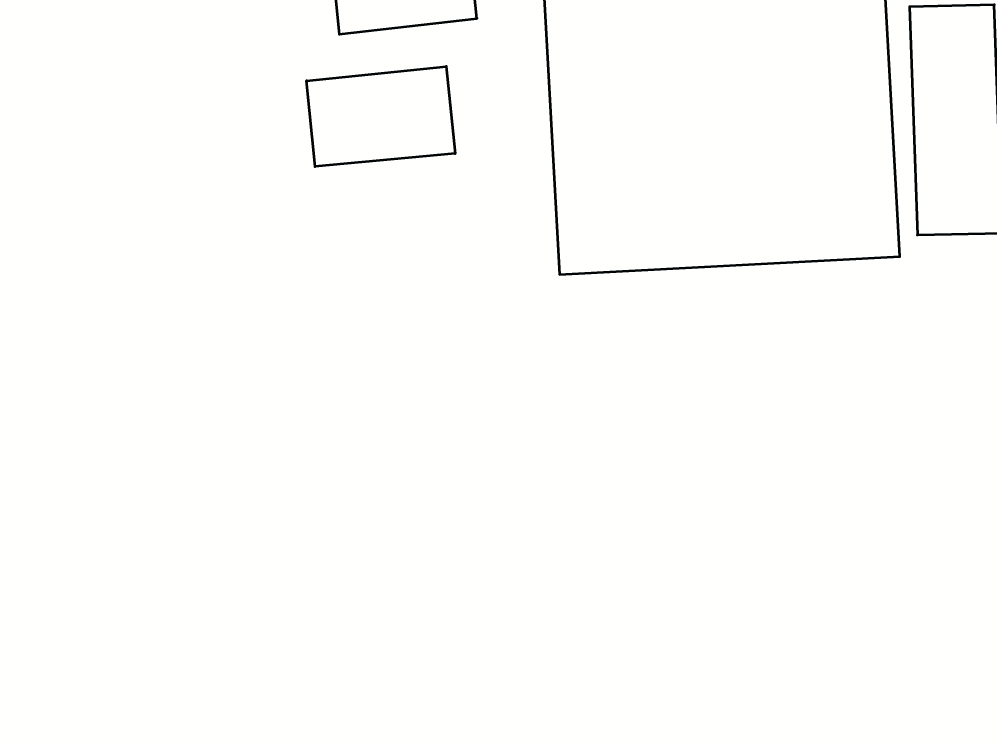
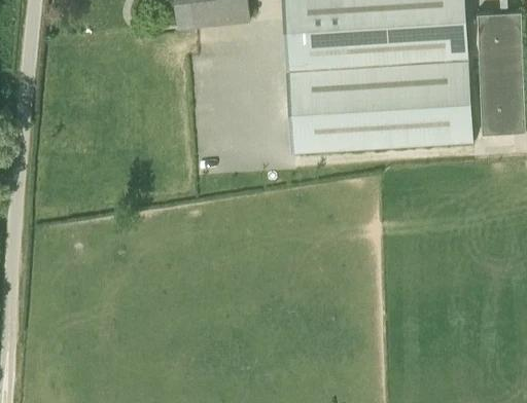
building: [307,66,455,167] -> none

